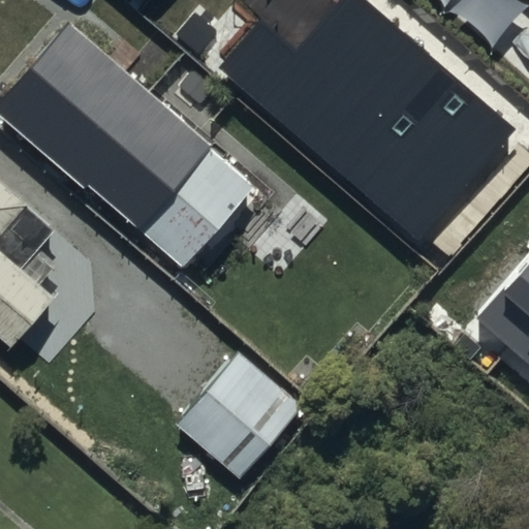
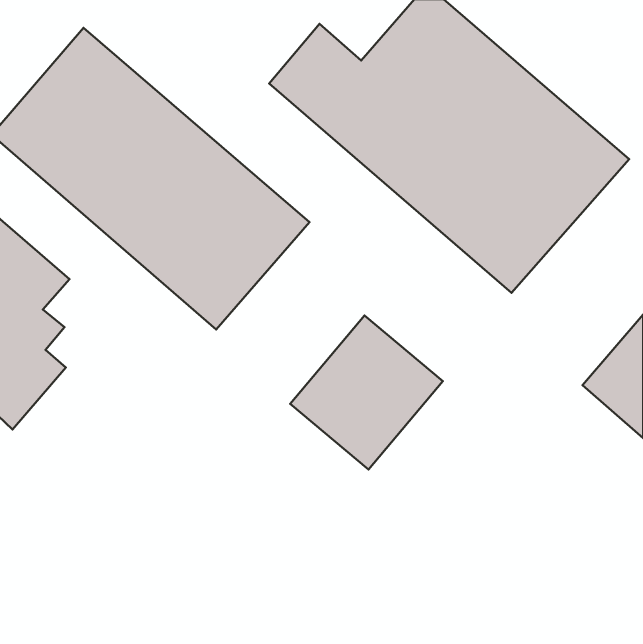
building: [178,353,303,479] -> [290,315,443,470]

